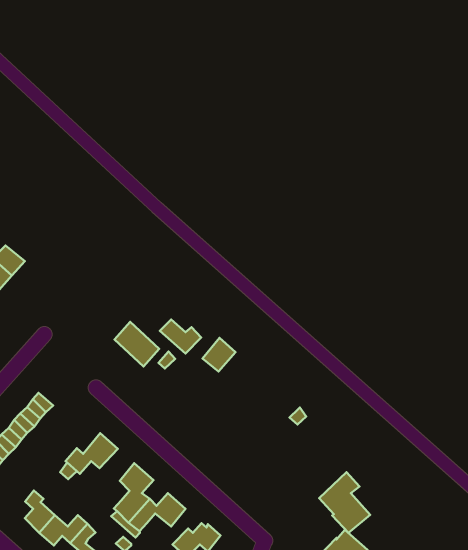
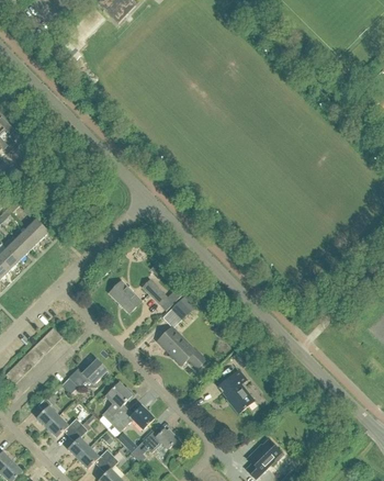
building: none -> [156,325,205,369]
building: [319,472,370,533] -> [217,368,253,412]

